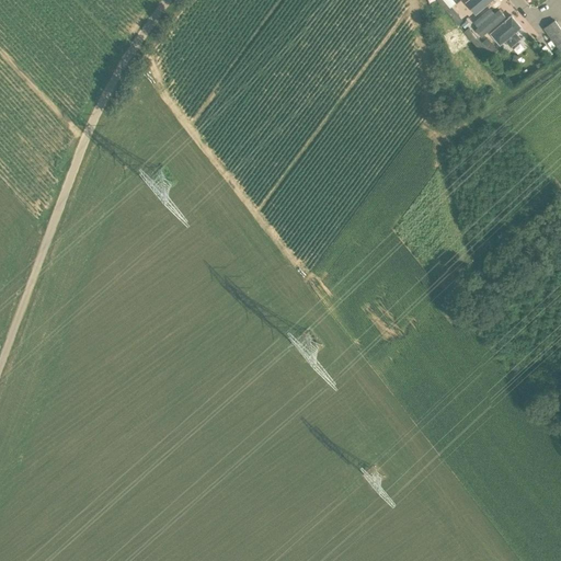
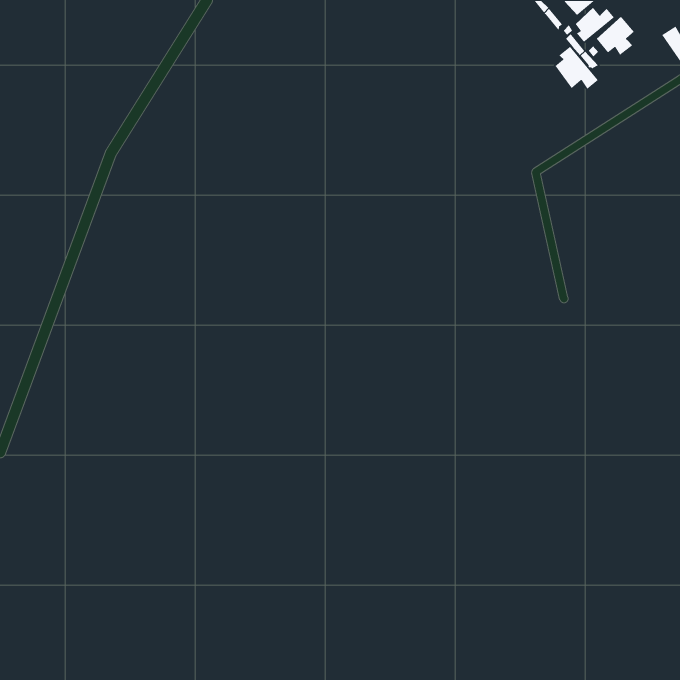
building: none -> [555,46,599,90]

